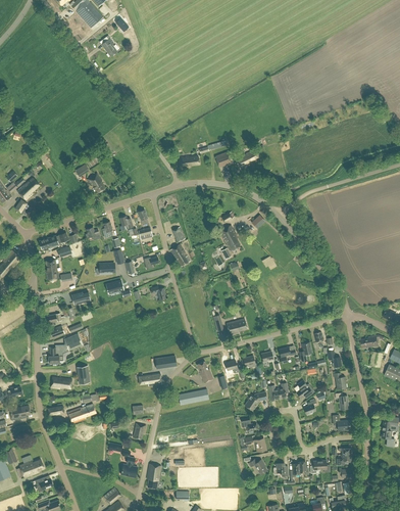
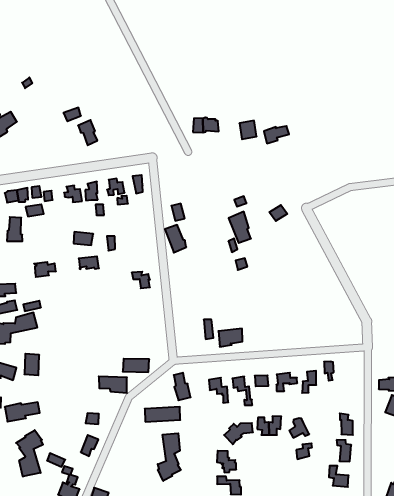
building: none -> [158,433,181,481]
building: none -> [16,430,43,477]

